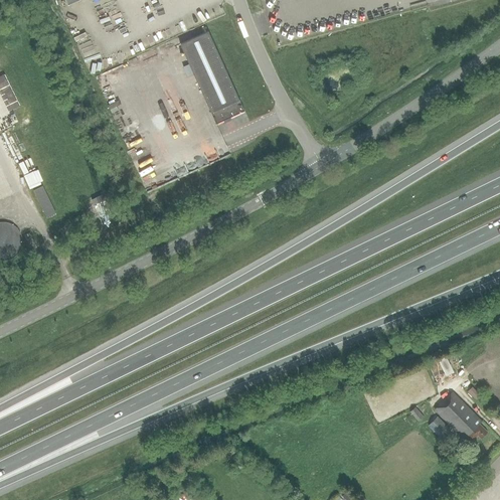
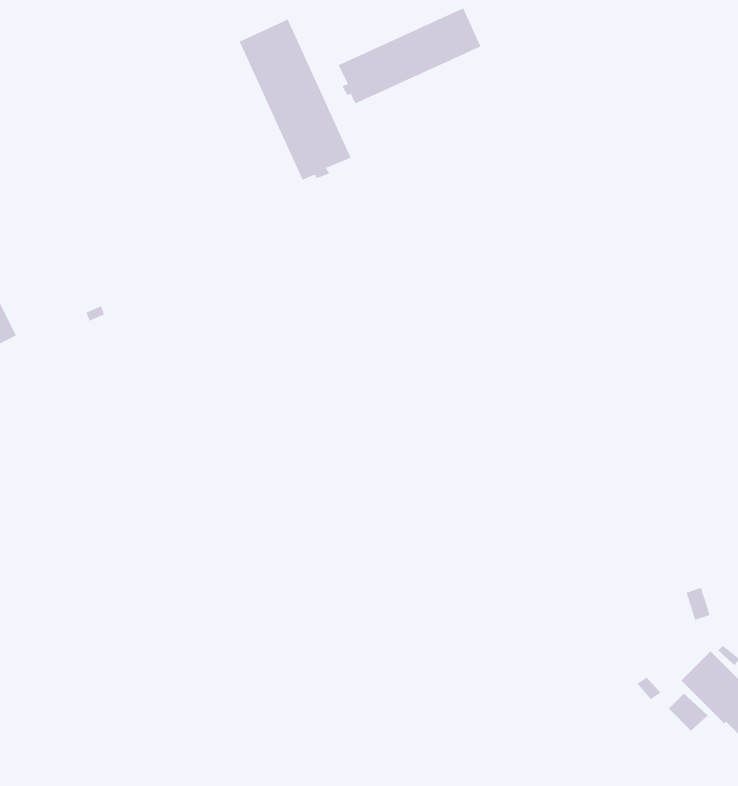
building: none -> [338,7,481,104]

